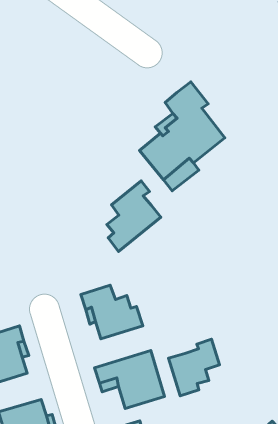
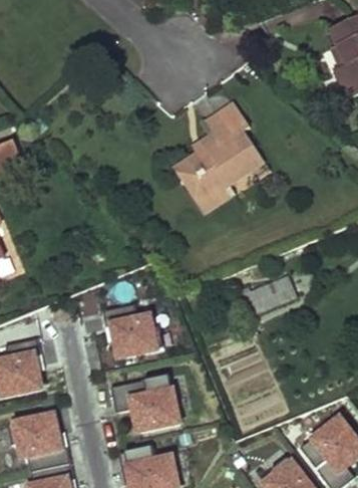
building: [107,181,161,251] -> none
building: none -> [250,276,297,312]
building: [169,339,219,396] -> none

